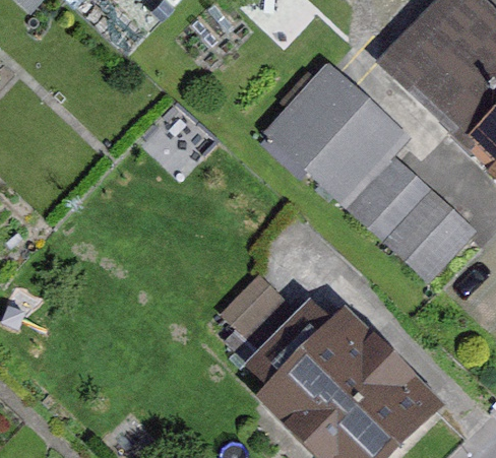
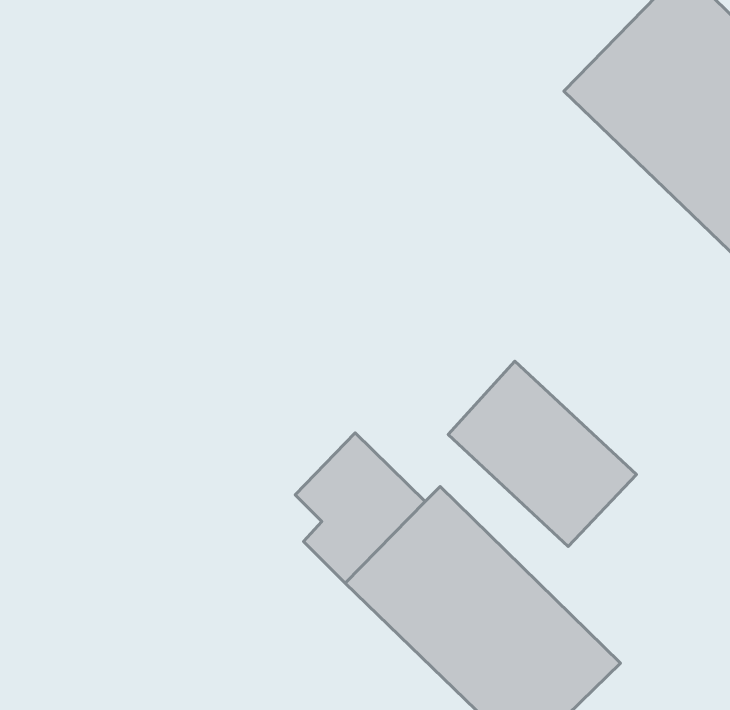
building: [269,65,402,197] -> none
building: [354,157,469,270] -> [448,361,637,546]

